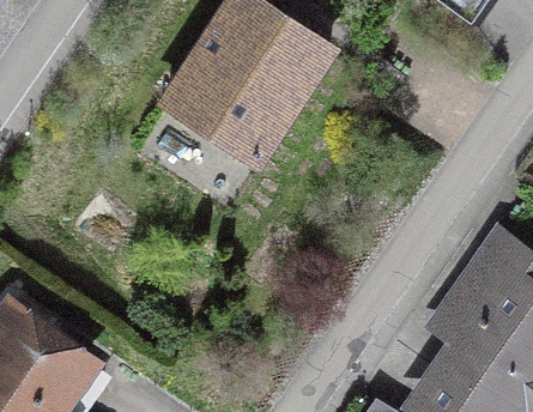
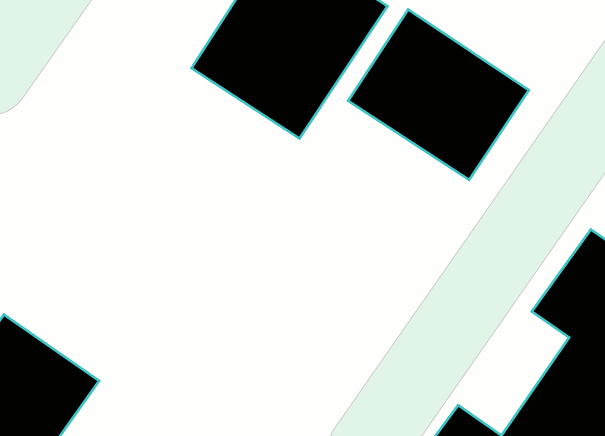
building: none -> [348,9,529,180]

